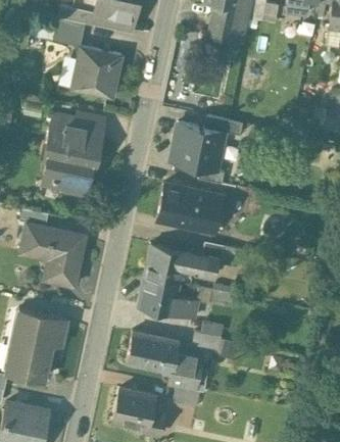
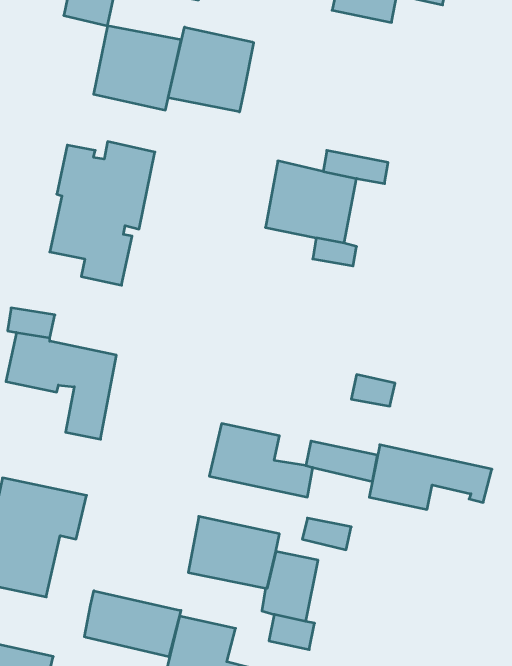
building: none -> [168,27,254,112]
building: [157,184,224,232] -> none
building: [146,245,217,283] -> [369,445,492,509]
building: none -> [84,591,181,657]

